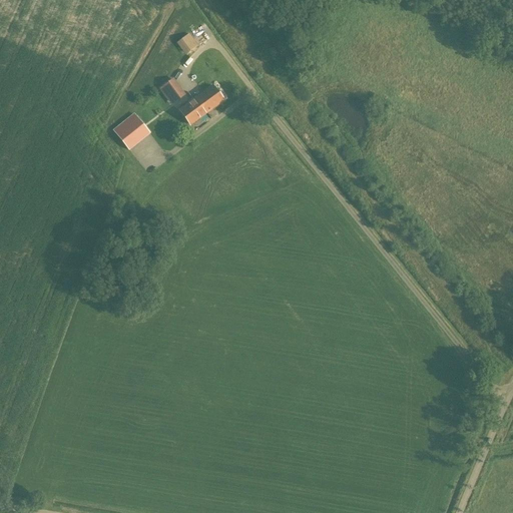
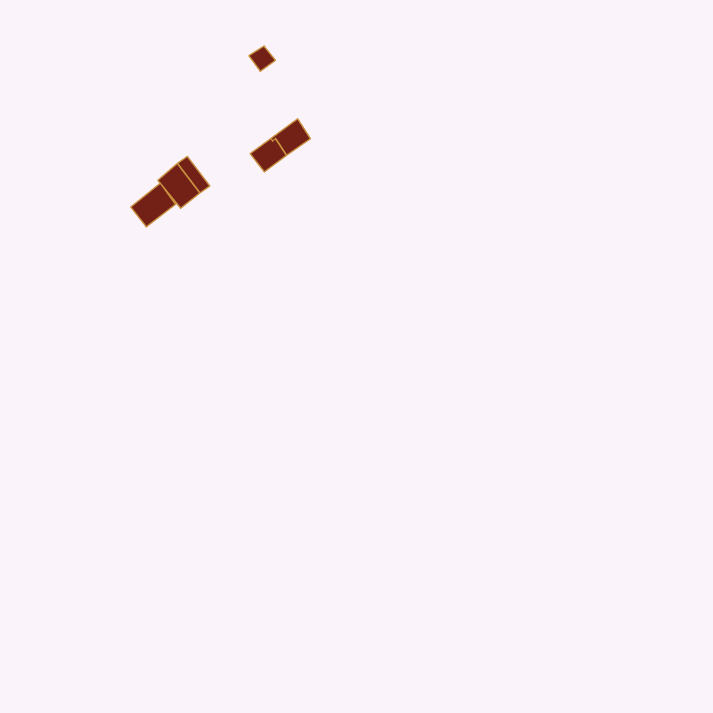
building: [157,76,183,104] -> none
building: none -> [131,183,176,227]

